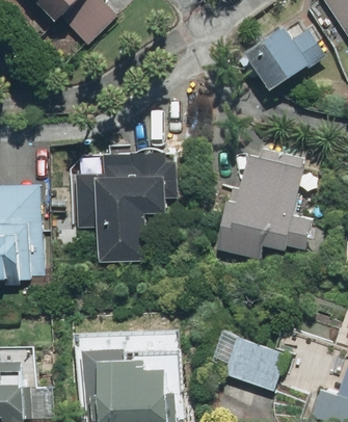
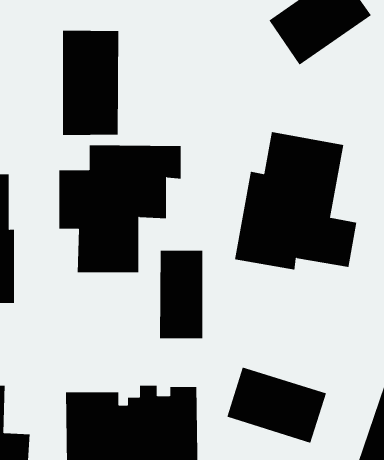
building: none -> [63,30,119,136]
building: none -> [159,250,203,339]

